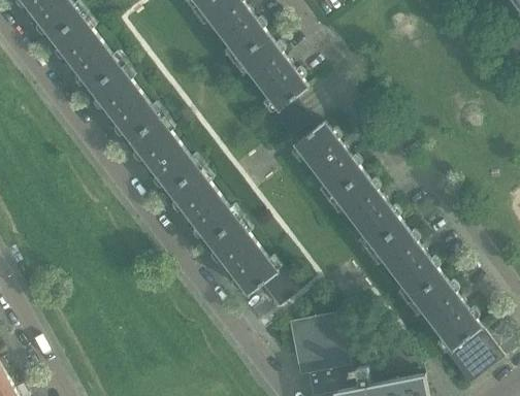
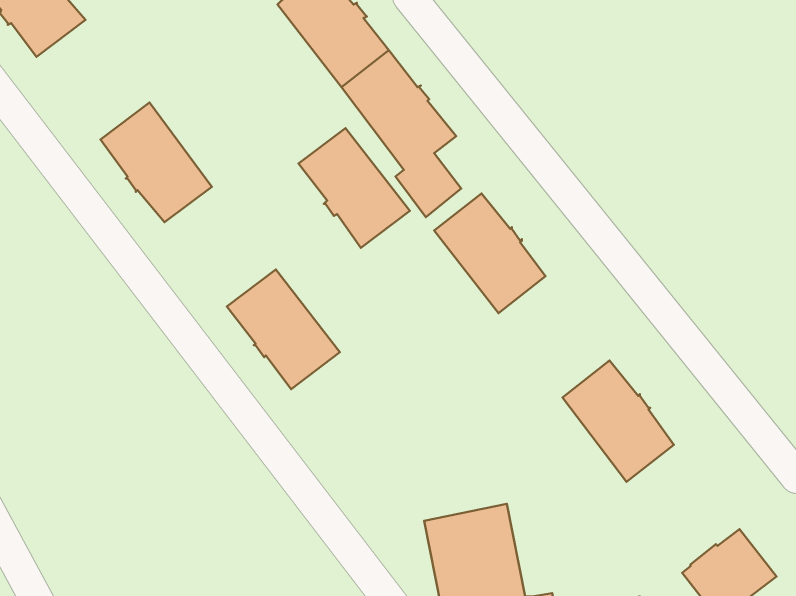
building: [51,16,120,90] -> none
building: [129,119,197,192] -> [298,128,410,248]
building: [333,173,401,248] -> none
building: [206,220,298,307] -> none
building: [412,276,481,350] -> none

